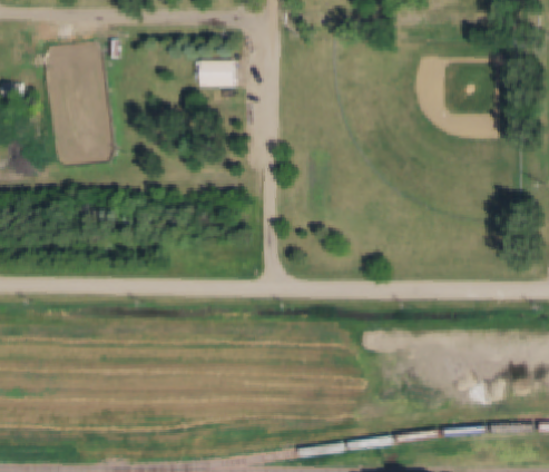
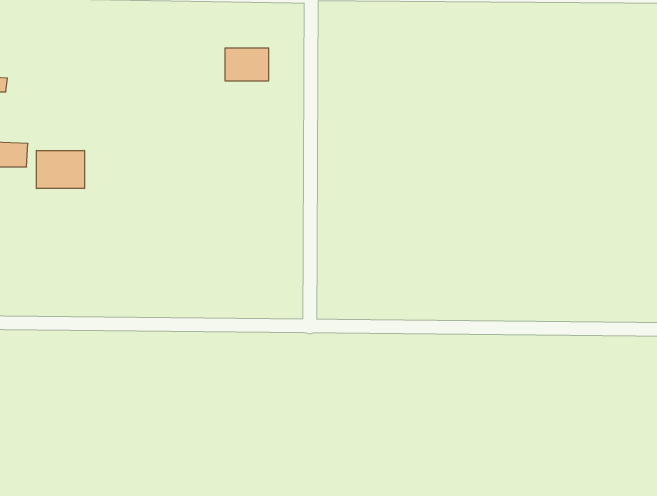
building: none -> [36,150,84,189]

